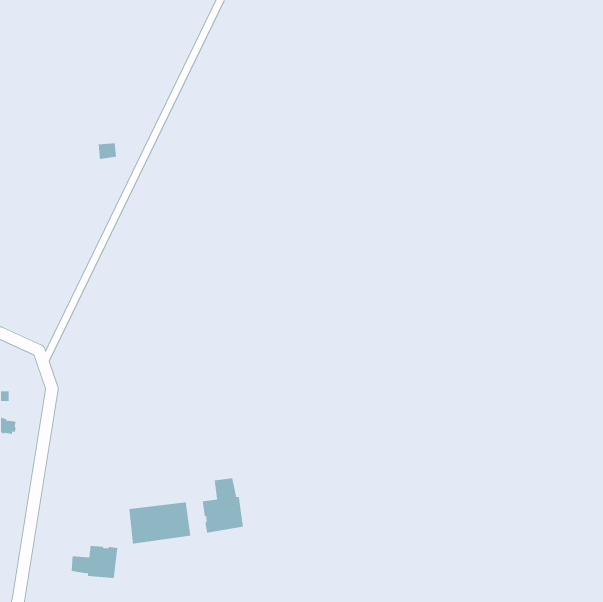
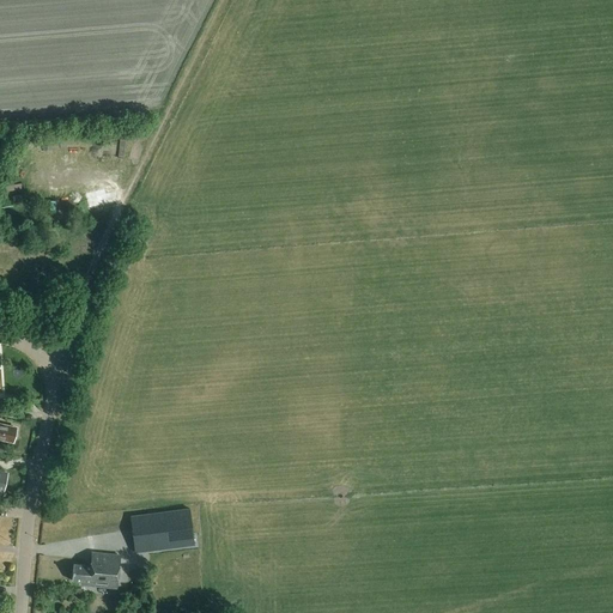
building: [202,477,244,533] -> none

